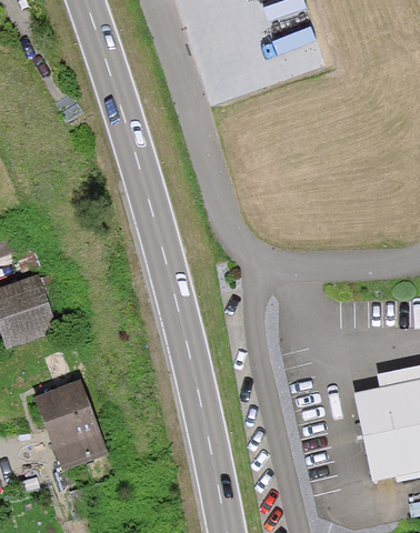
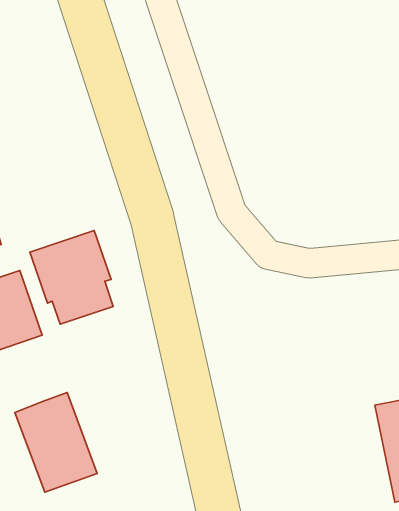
building: none -> [30,231,113,324]

